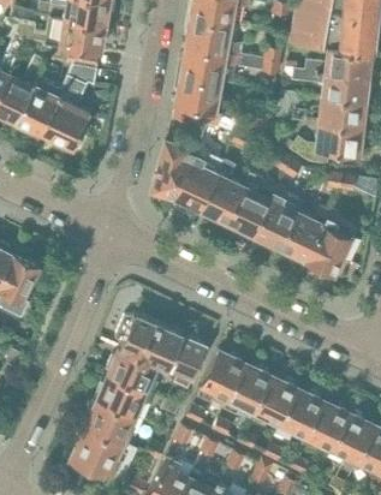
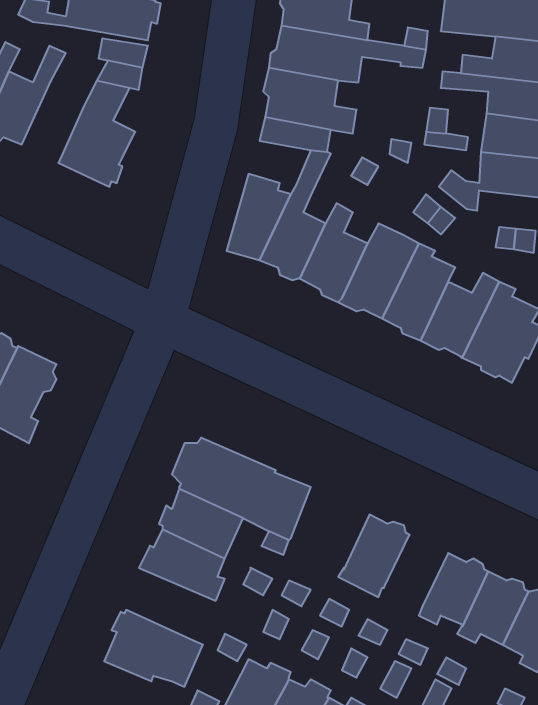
building: [16,79,60,133] -> none
building: [200,352,245,405] -> none
building: [251,377,297,424] -> none
building: [85,399,144,446] -> none

